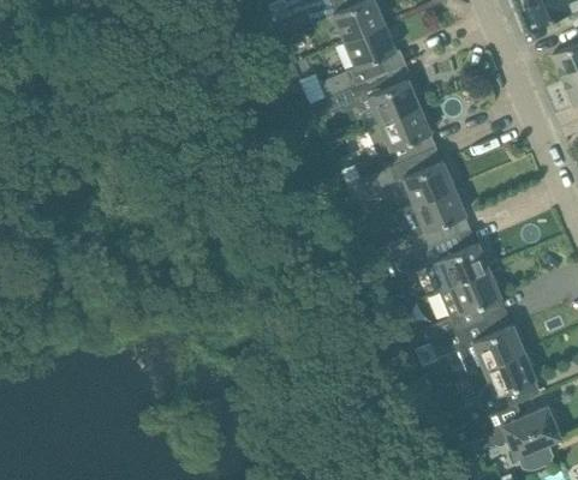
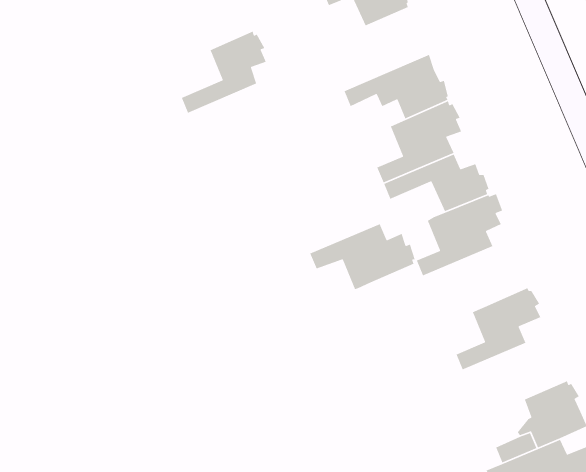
building: [322,25,398,98] -> [181,31,267,114]
building: [398,235,491,294] -> [309,223,416,290]
building: [433,320,526,376] -> none

